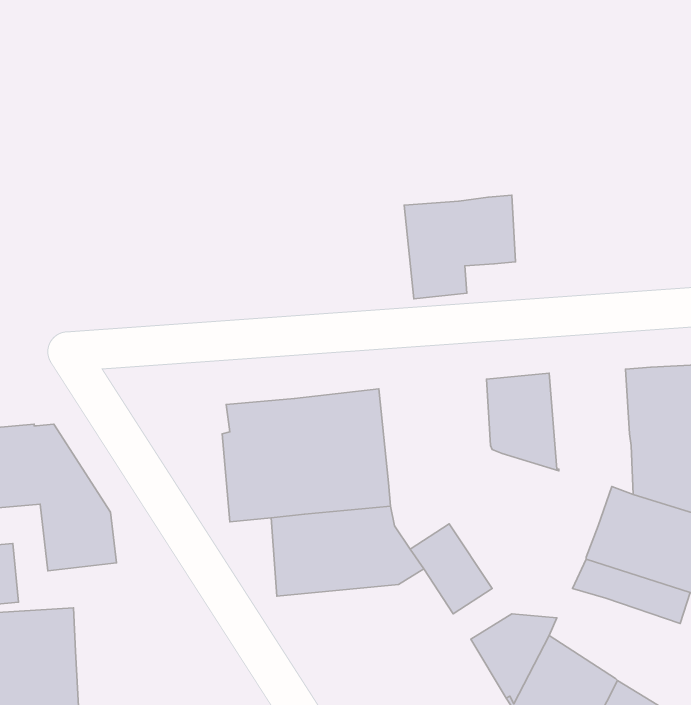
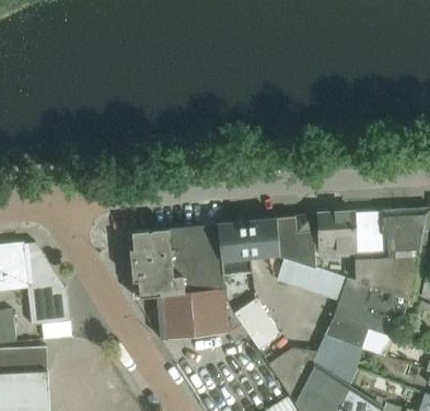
building: [404,195,516,299] -> [217,219,279,277]
building: none -> [317,213,357,258]
building: none -> [278,260,347,301]
building: none -> [312,336,356,386]

